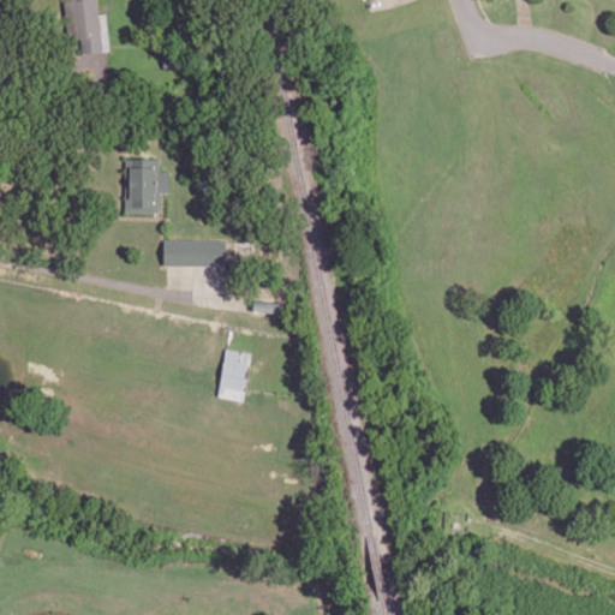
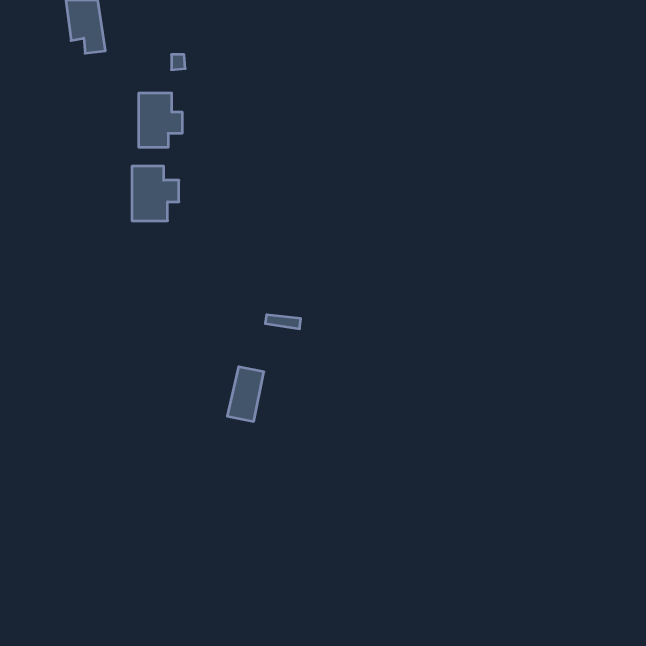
building: none -> [139,93,182,147]
building: [163,240,223,264] -> none

